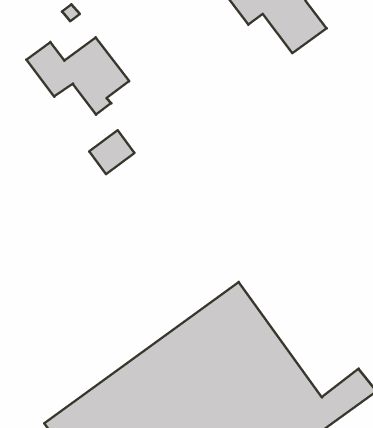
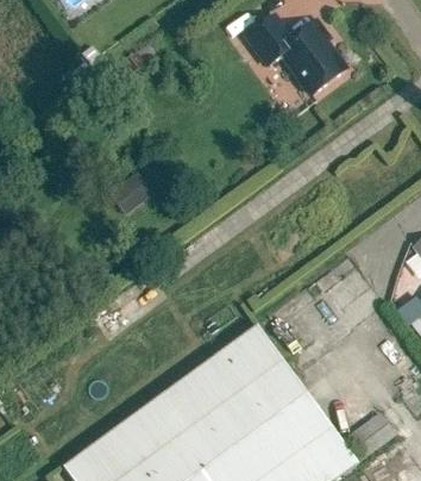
building: [26,37,129,115] -> none

